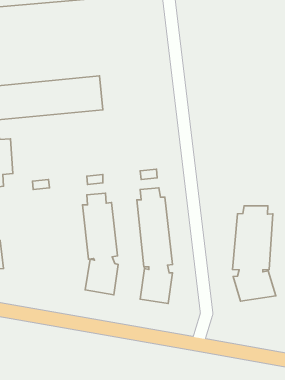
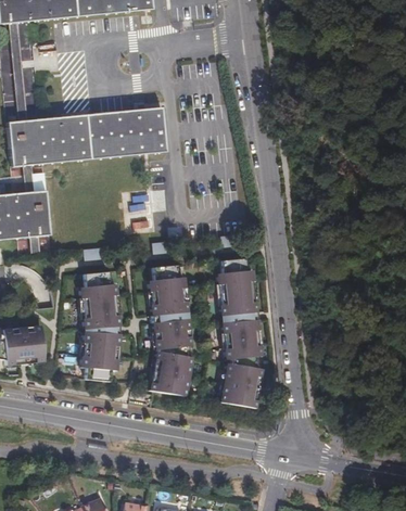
building: none -> [76,265,117,375]
building: [233,206,276,301] -> none

